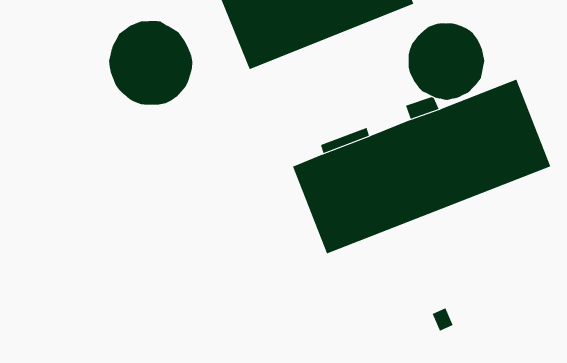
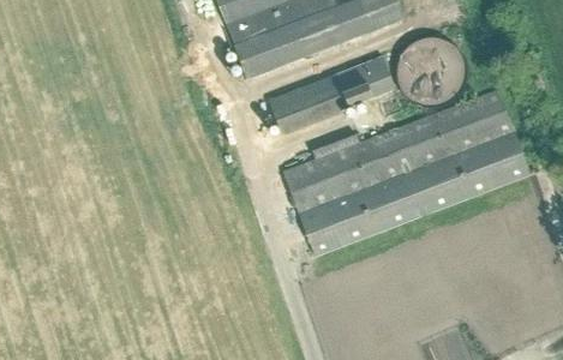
building: [109,20,193,106] -> none
building: none -> [270,56,394,133]

